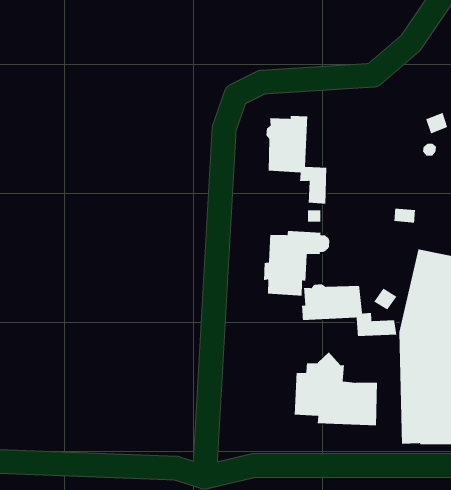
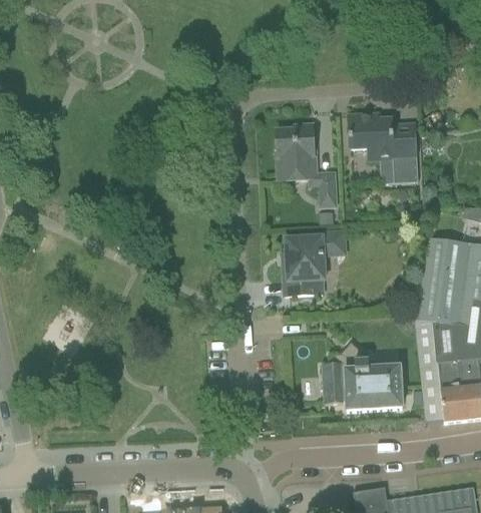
building: none -> [350,113,419,182]
building: [301,284,397,337] -> none

